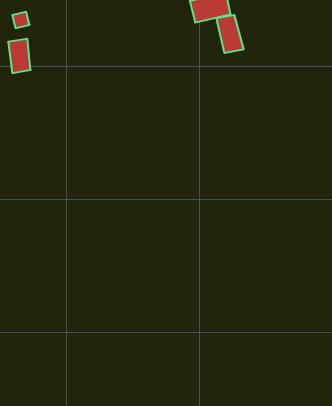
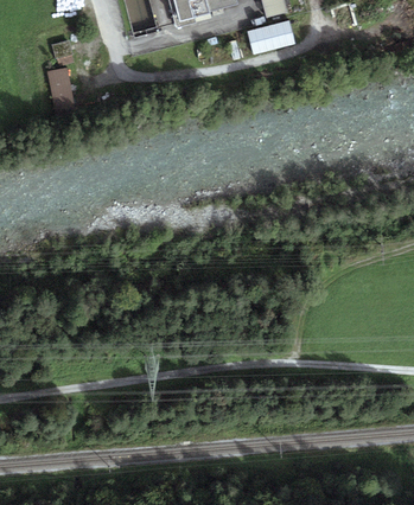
building: [216,15,244,53] -> none

